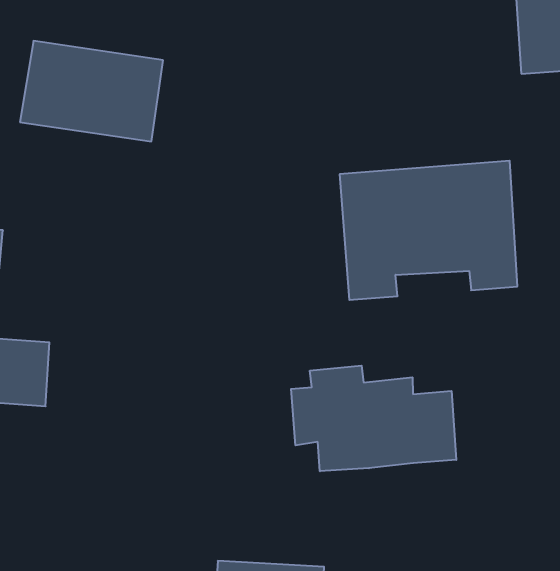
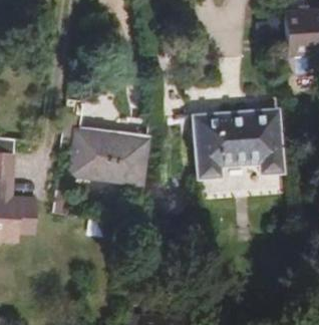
building: [20,41,163,141] -> [70,130,144,183]
building: [291,366,456,471] -> none

